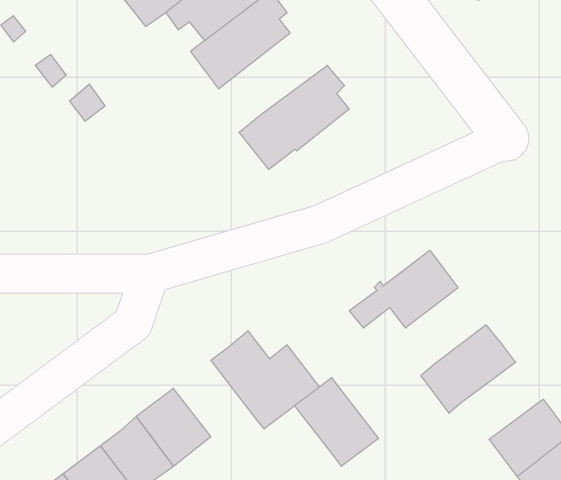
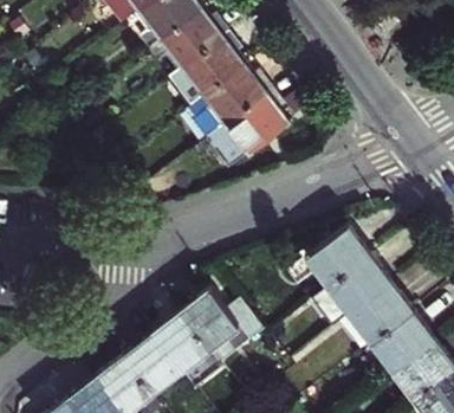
building: none -> [184,62,272,136]
building: none -> [331,256,393,315]
building: none -> [374,312,436,372]
building: [295,378,378,466] -> [155,311,219,379]

